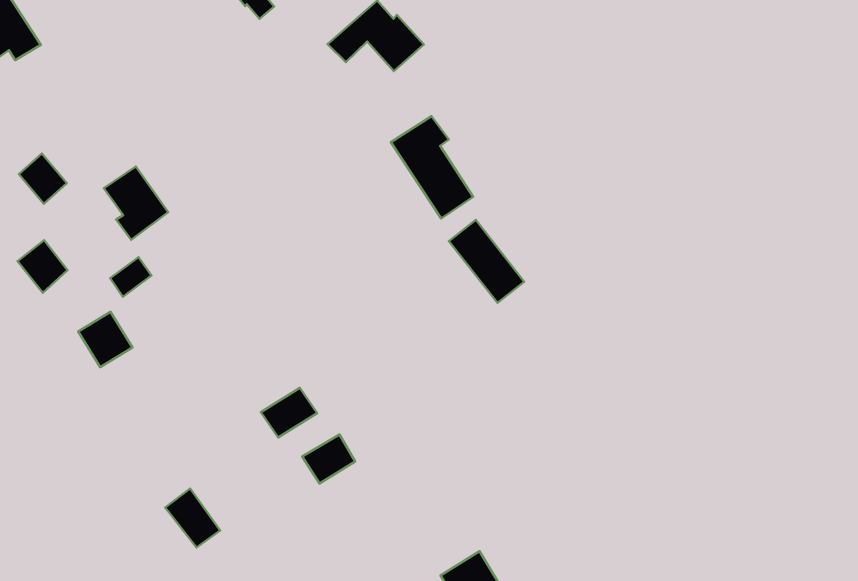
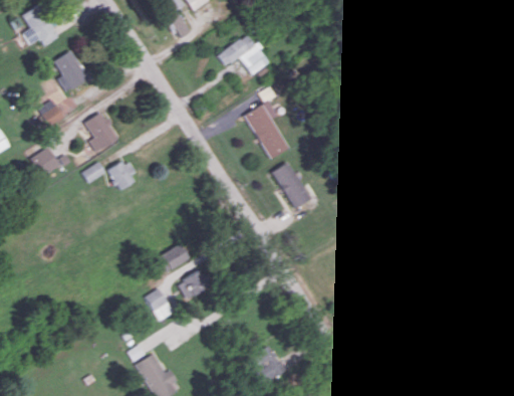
building: none -> [54,50,88,92]
building: [78,312,132,367] -> [108,160,138,190]
building: [165,488,220,548] -> [145,287,174,321]

